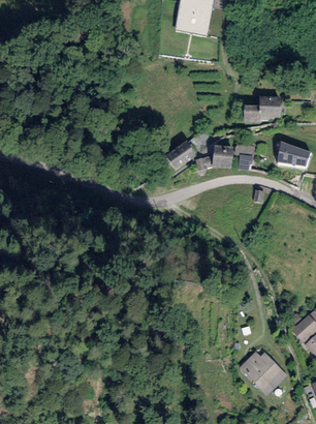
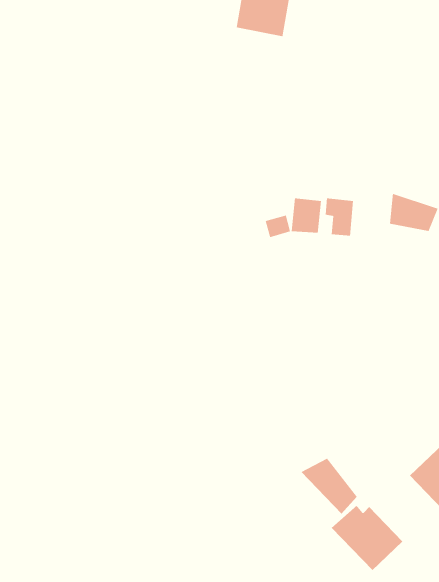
building: [244,95,281,122] -> none
building: [165,140,196,170] -> none
building: none -> [300,458,357,515]

